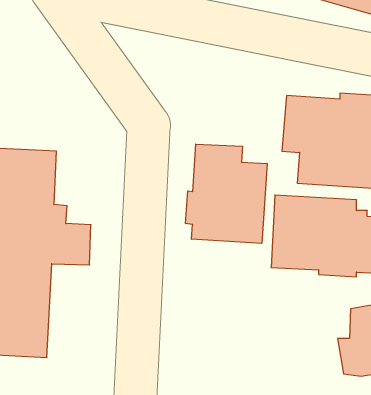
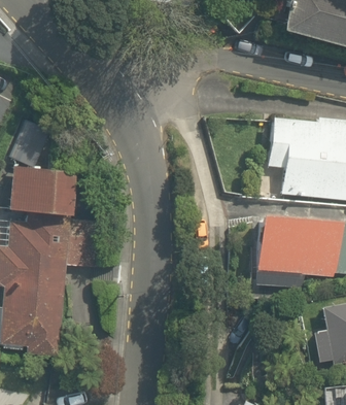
building: [186,144,267,243] -> none

